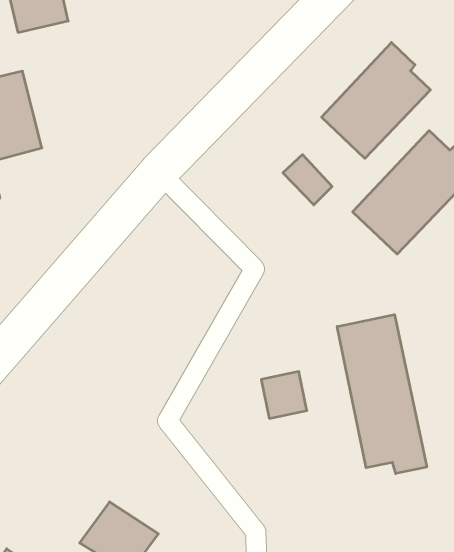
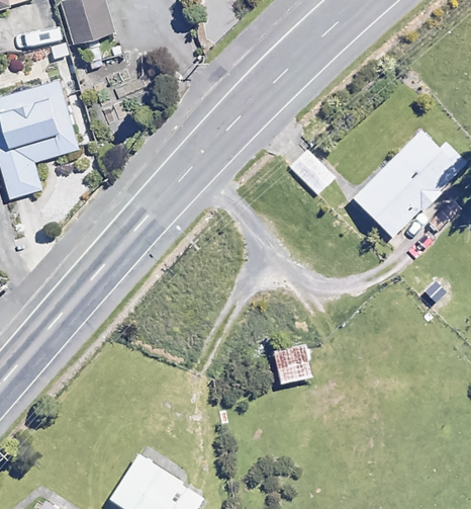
building: [322,42,430,158] -> none
building: [337,315,427,474] -> none

